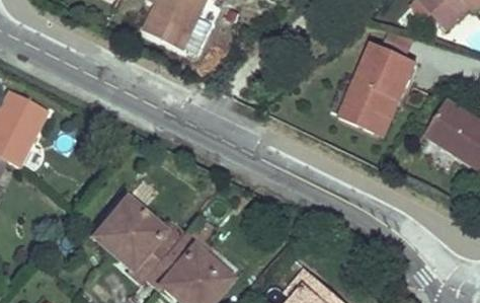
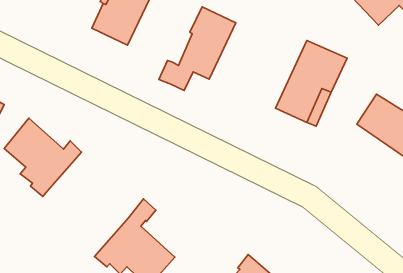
building: none -> [159,7,236,91]
building: [98,198,181,282] -> [4,118,81,196]

